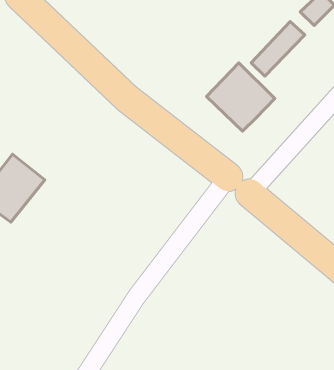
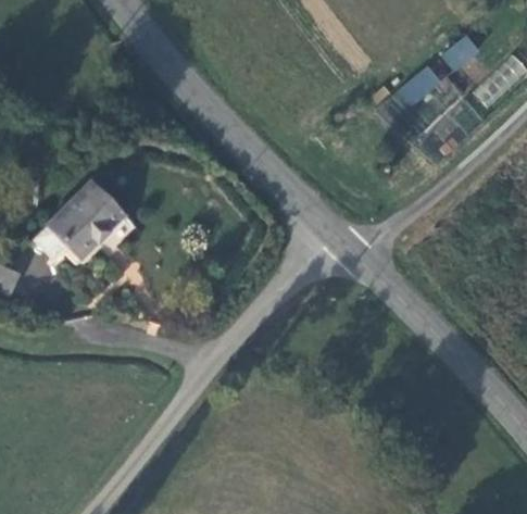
building: [206,63,275,131] -> none

